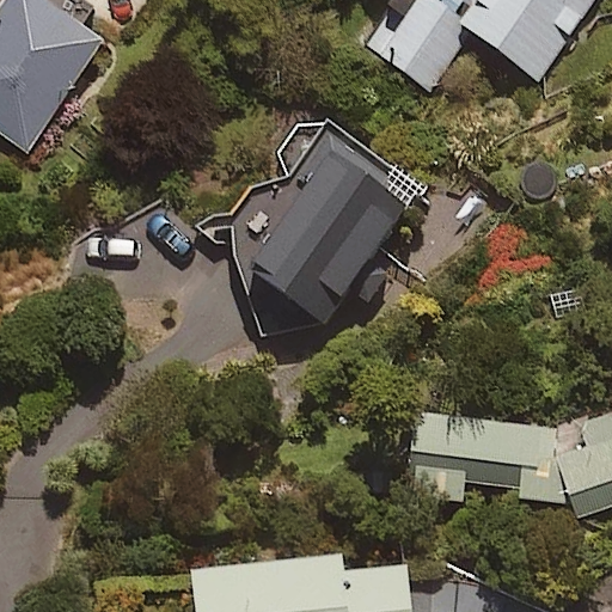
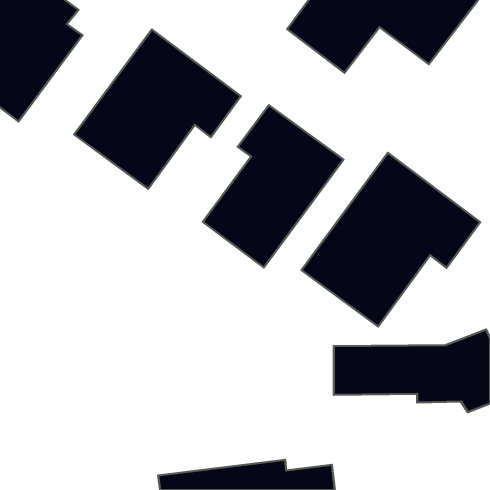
building: none -> [74,29,241,189]
building: none -> [301,153,480,326]

